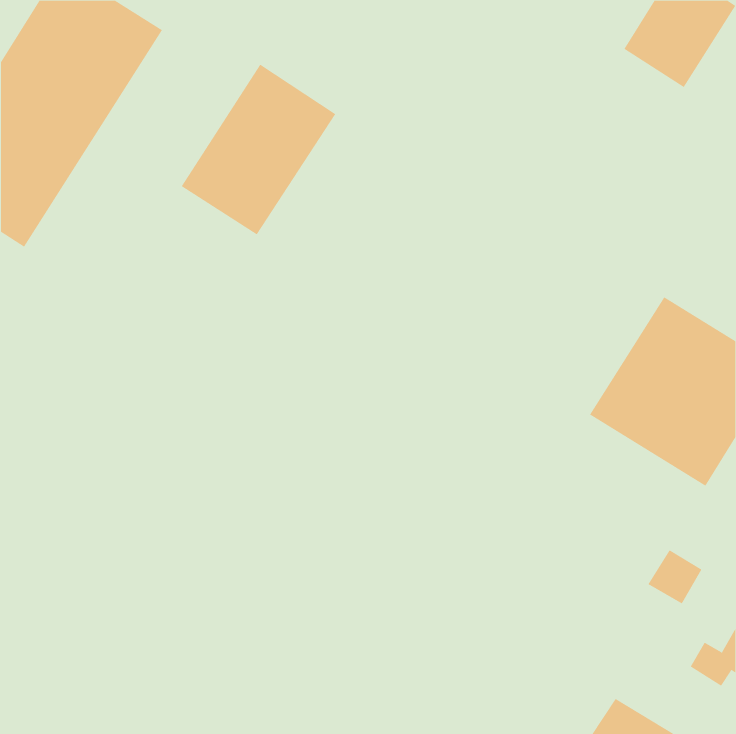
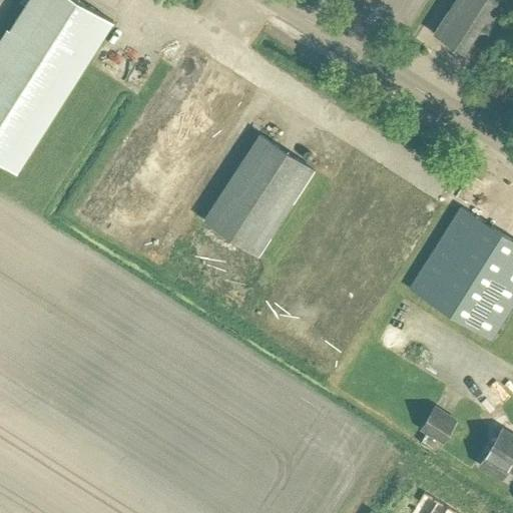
building: [181,64,336,235] -> [204,135,313,254]
building: [647,549,702,604] -> [420,409,458,447]

